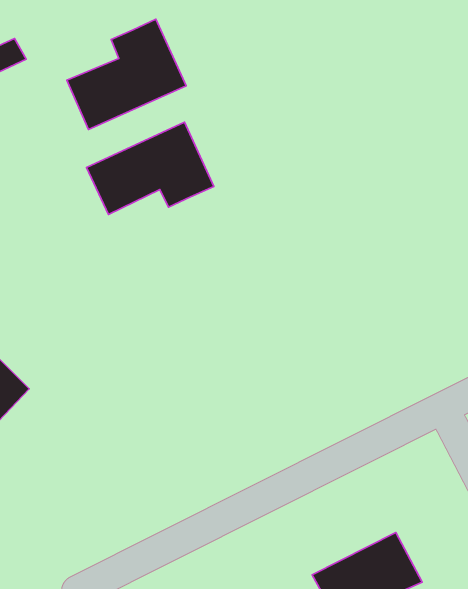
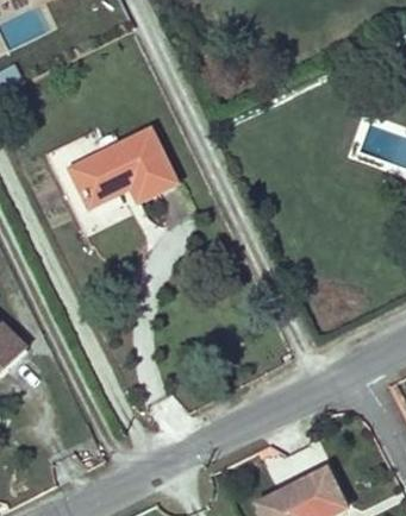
building: [67,19,186,129] -> none

